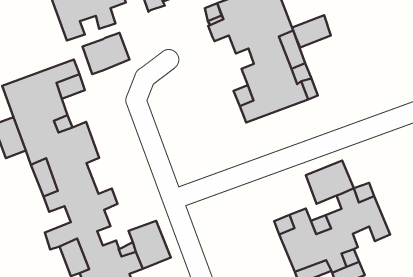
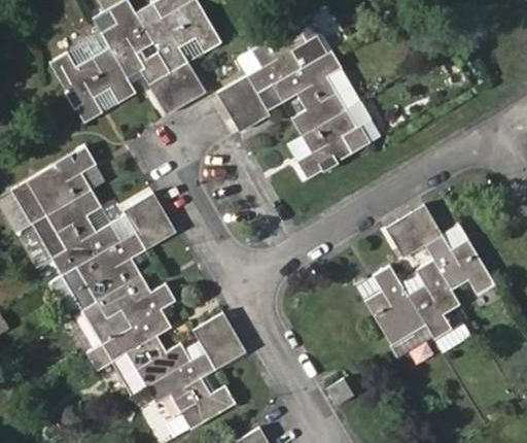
building: [292,15,331,48] -> none
building: none -> [216,78,267,134]
building: [82,33,130,74] -> [150,63,207,115]
building: none -> [121,193,174,250]

